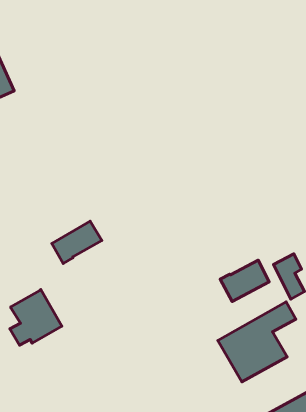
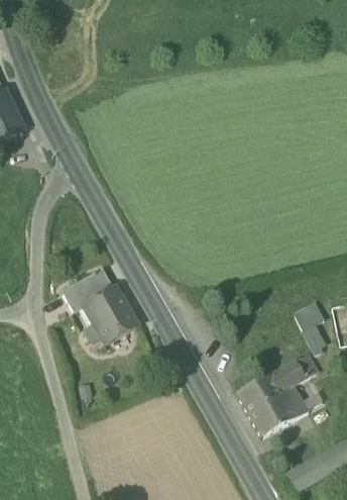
building: [220,260,269,301] -> none
building: [10,290,62,345] -> [83,287,137,345]

